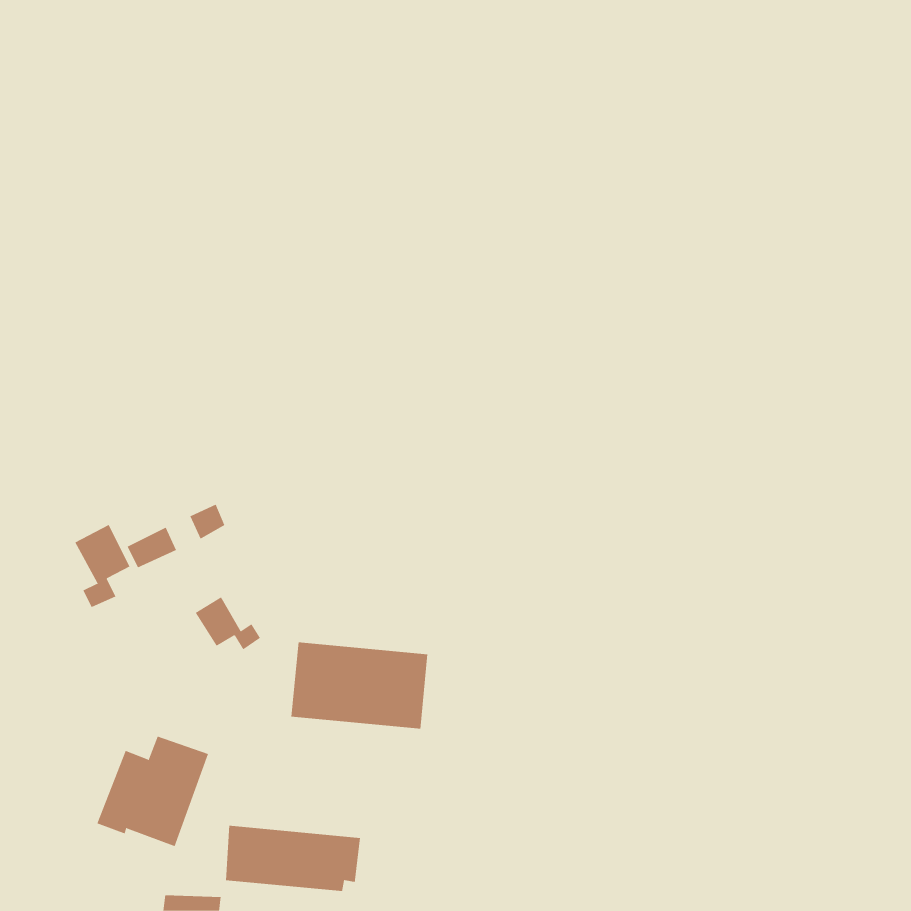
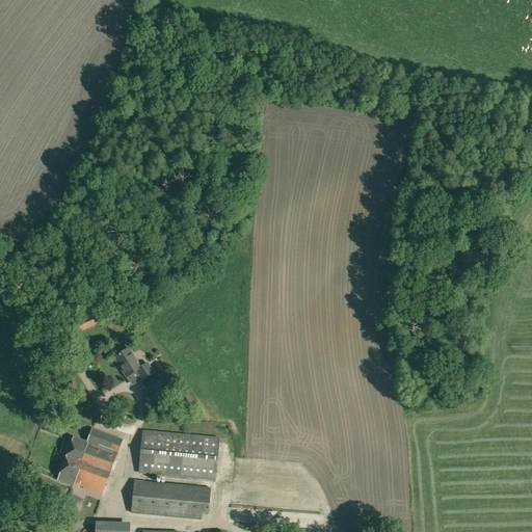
building: [74,524,130,608] -> none
building: [291,642,428,729] -> [138,429,218,480]

